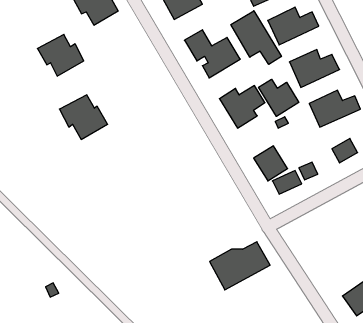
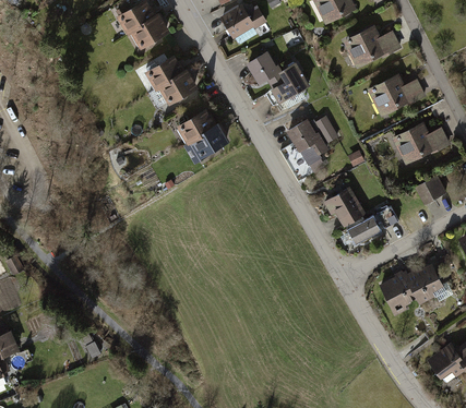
building: [231,11,281,64] -> none
building: [37,34,84,76] -> [144,56,198,104]
building: [259,79,299,116] -> none
building: [59,95,108,139] -> [176,108,231,159]
building: [210,242,270,290] -> [377,262,446,317]

